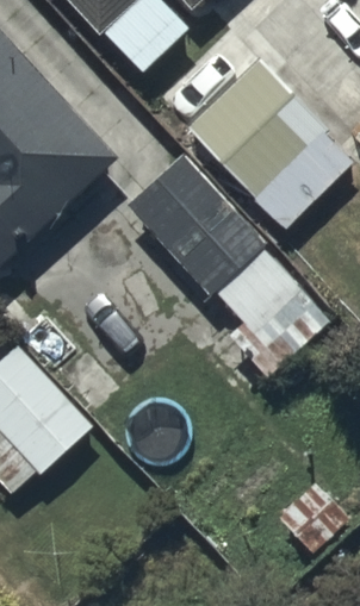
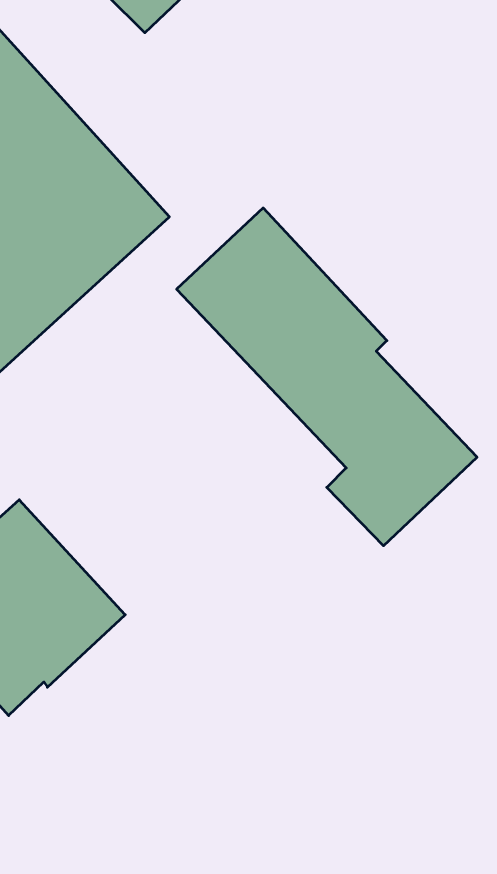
building: [192,62,330,200] -> none

